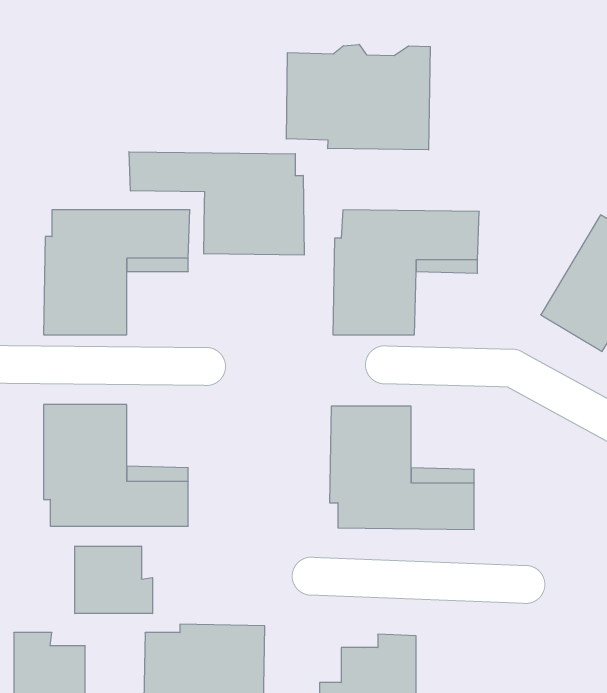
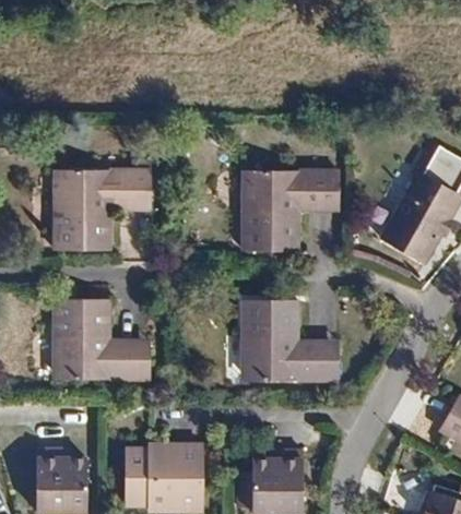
building: [286,44,430,150] -> none
building: [129,152,304,255] -> none
building: [75,546,152,614] -> none

